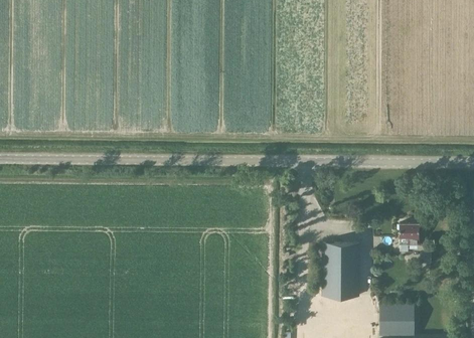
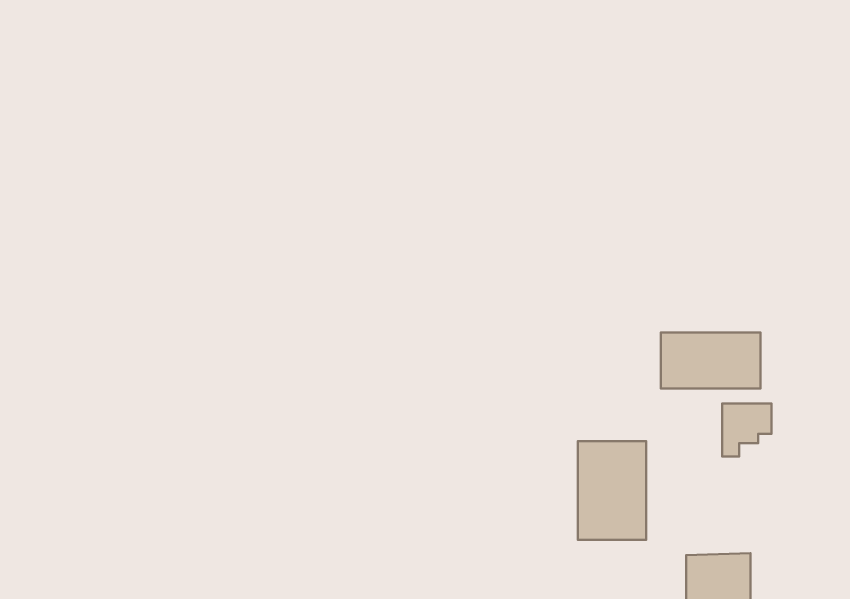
building: none -> [661,332,760,389]

